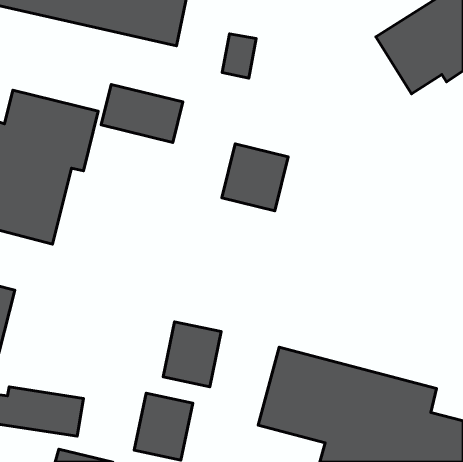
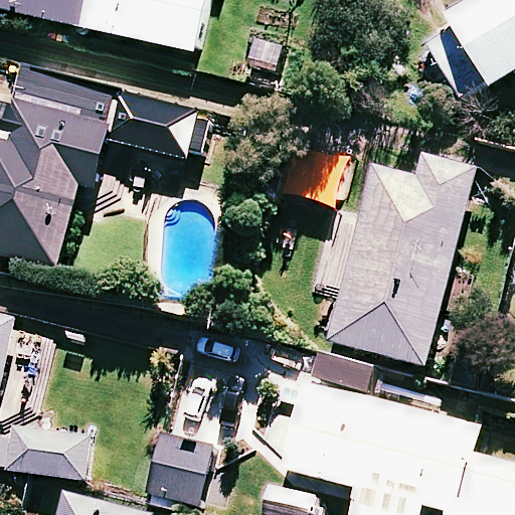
building: none -> [328,156,474,364]
building: [222,144,288,211] -> none
building: [163,322,221,387] -> none

